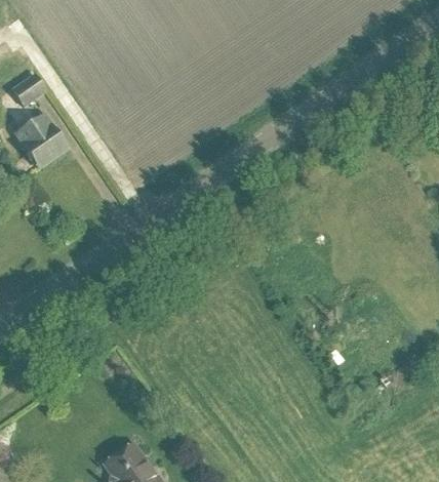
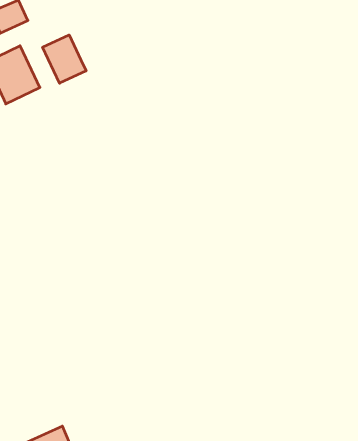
building: none -> [43,35,86,83]

